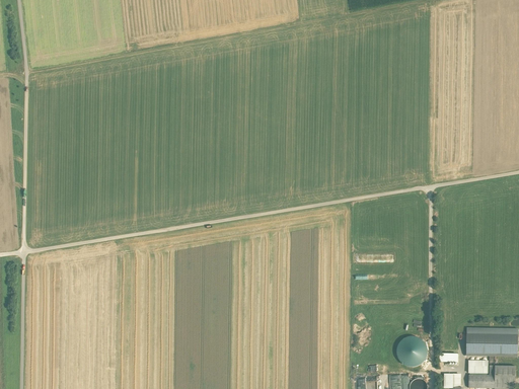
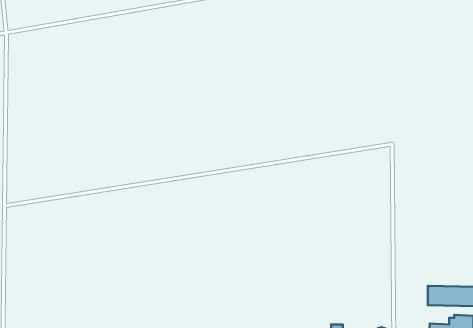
building: [396,335,426,364] -> none

